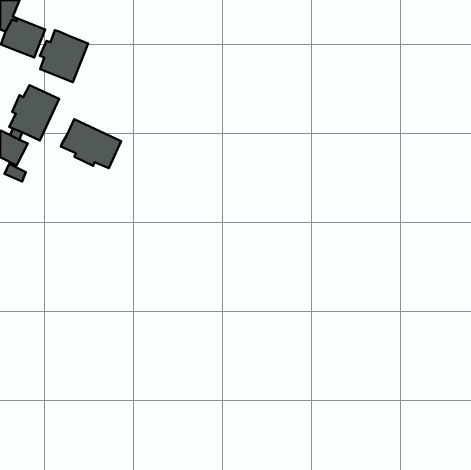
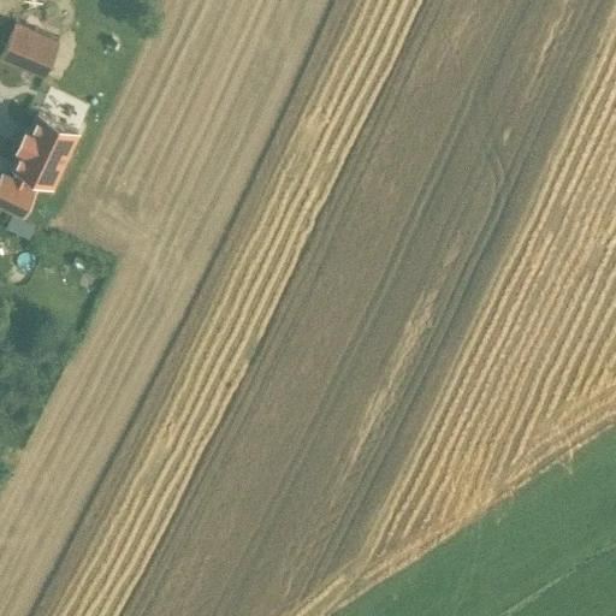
building: [40,30,88,82] -> none
building: [61,119,121,168] -> none

